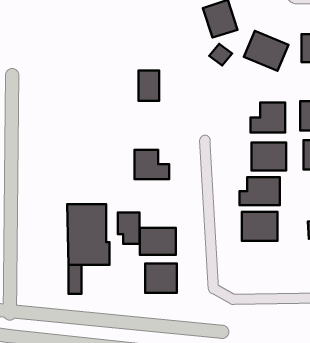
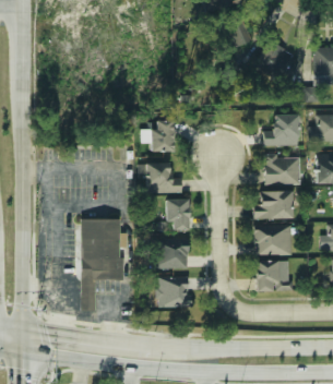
building: [138,70,159,101] -> [154,121,175,152]
building: [118,212,139,244] -> [167,200,189,231]
building: none -> [258,261,293,291]

